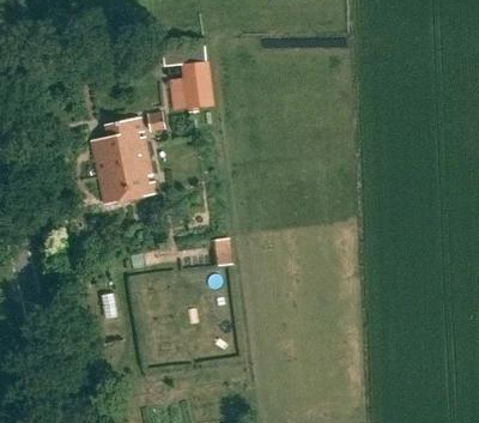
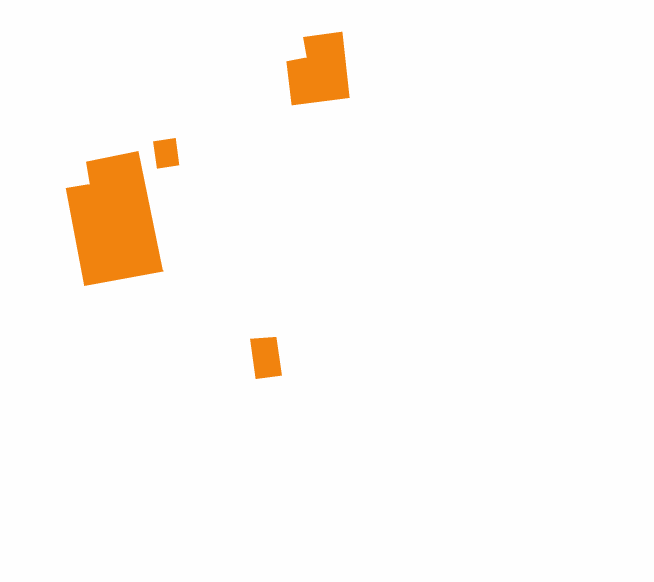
building: [170,60,212,108] -> [285,31,351,106]

